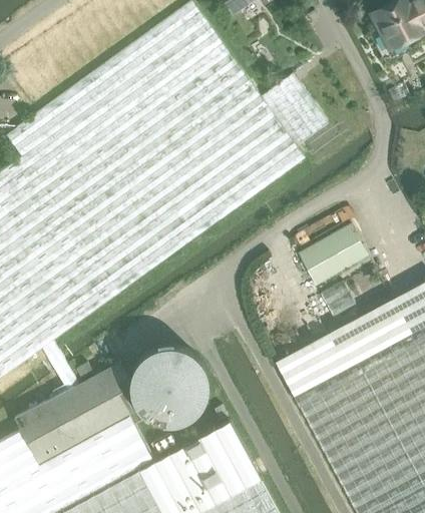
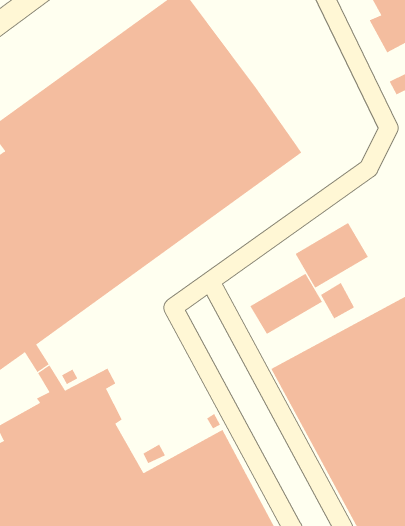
building: [262,74,329,147] -> none
building: none -> [249,273,323,335]
building: [130,345,209,423] -> none

